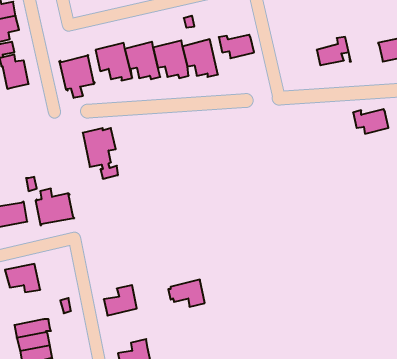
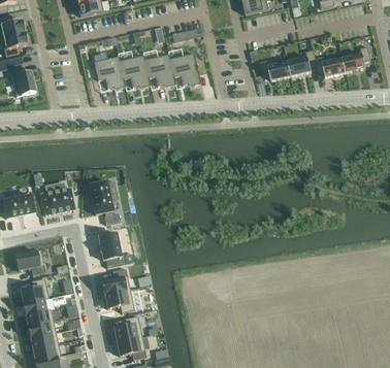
building: [219,35,254,58] -> [260,59,291,79]
building: [59,55,94,98] -> none
building: [353,109,388,134] -> [315,55,346,76]
building: [83,128,118,179] -> [89,179,120,224]
building: none -> [98,232,134,267]
building: [168,280,205,307] -> [102,288,134,311]
building: none -> [21,277,48,302]

